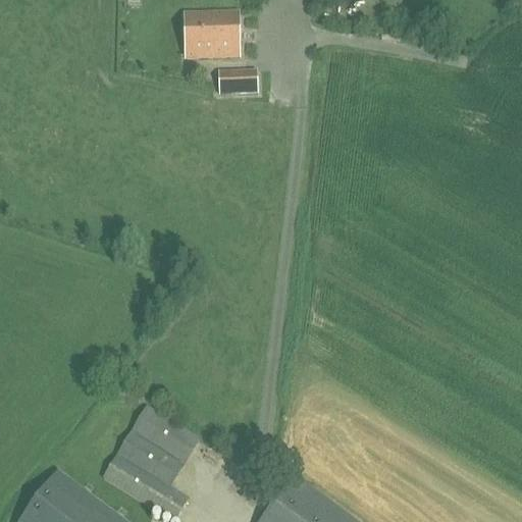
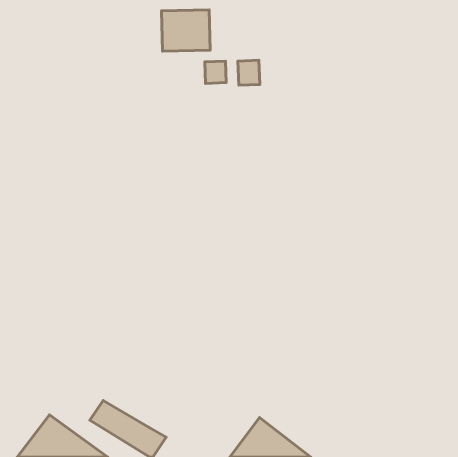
building: none -> [238,60,260,85]
building: [117,405,200,485] -> none

